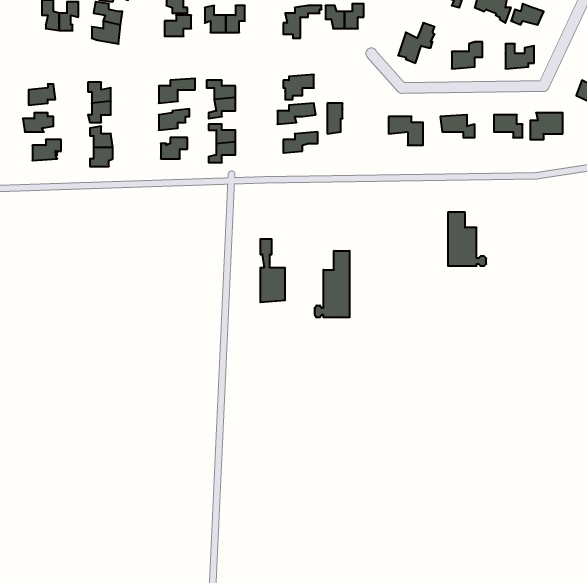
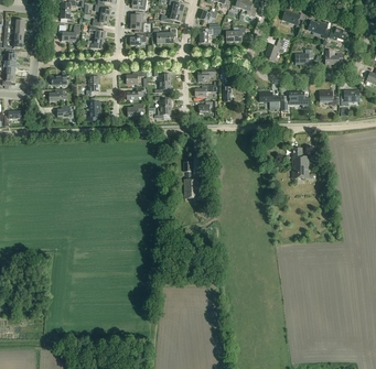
building: [315,251,350,317] -> none

